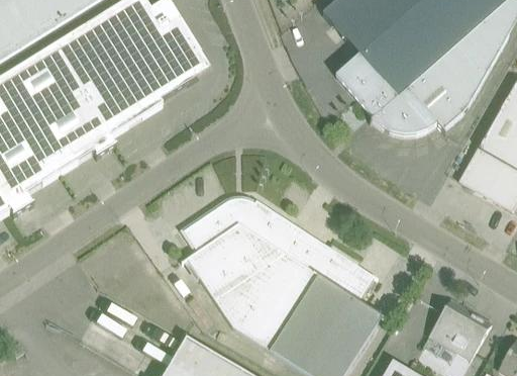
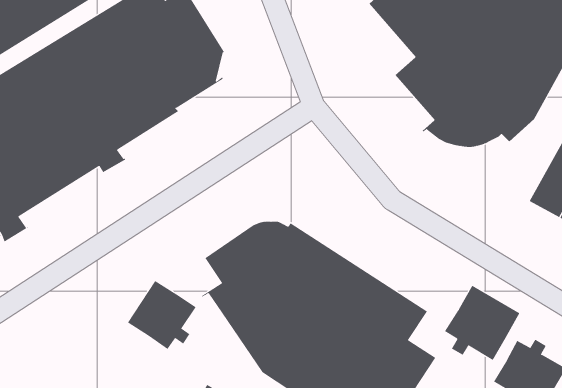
building: none -> [127,280,197,350]
building: none -> [444,285,520,361]

